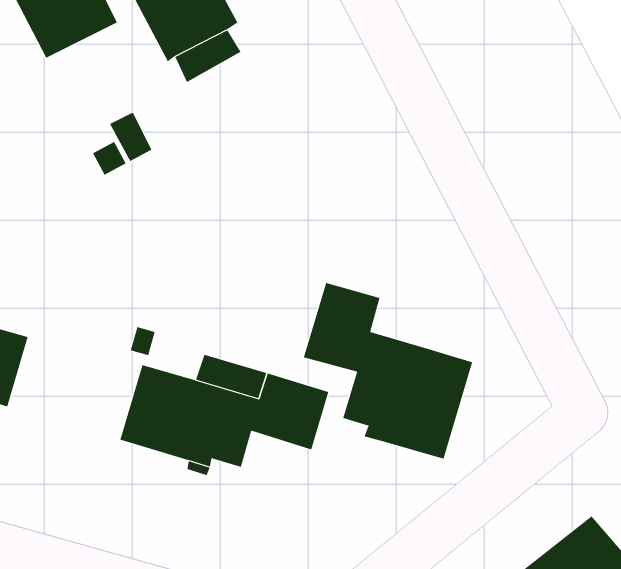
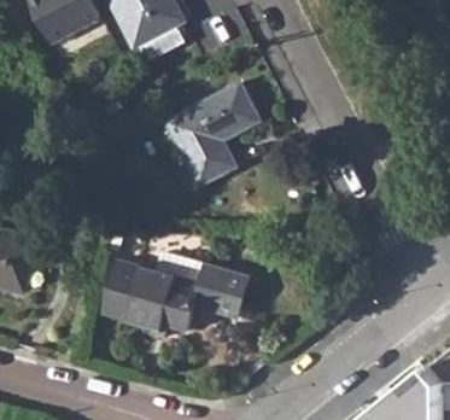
building: none -> [165,78,258,182]
building: [303,282,473,460] -> none

